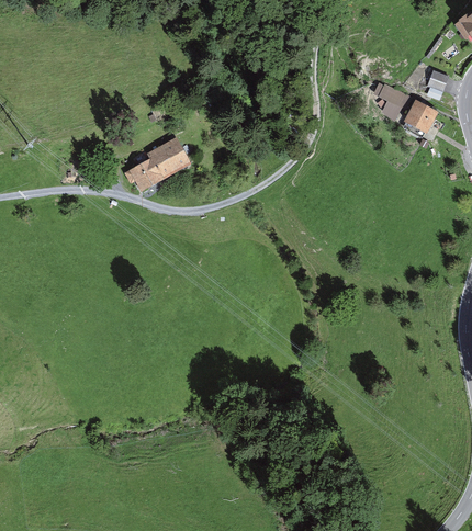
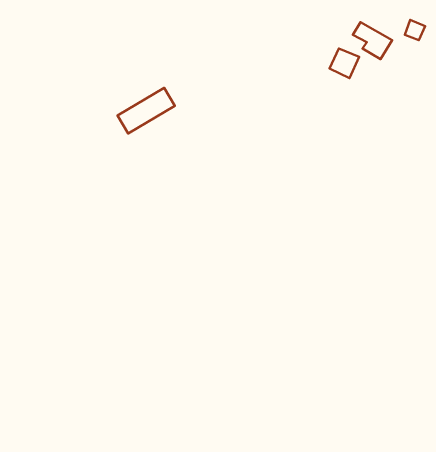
building: [404,103,435,134] -> [329,48,359,78]

